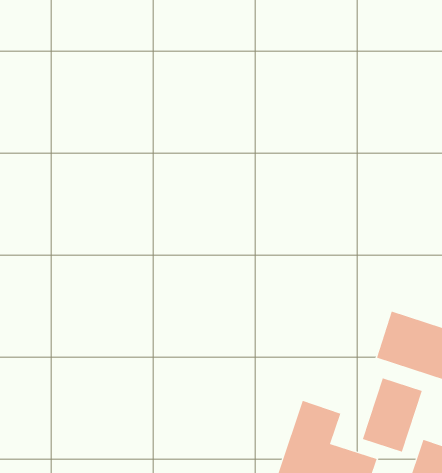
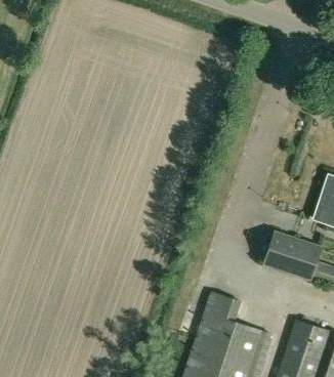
building: [362,377,422,453] -> none

